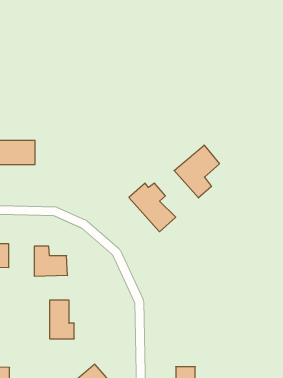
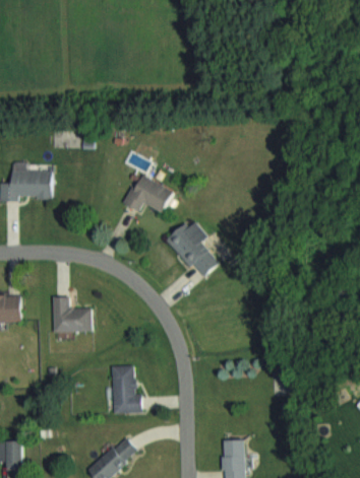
building: none -> [124,174,174,211]
building: [174,145,219,198] -> none
building: [50,300,74,339] -> [111,366,140,412]

